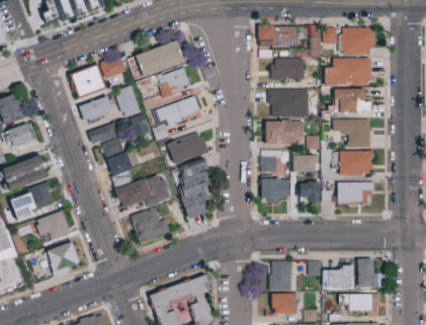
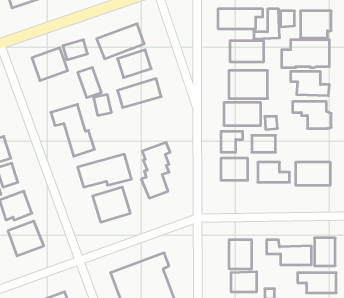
building: [78,95,113,120] -> none
building: [167,132,208,164] -> none
building: [339,150,372,175] -> none

